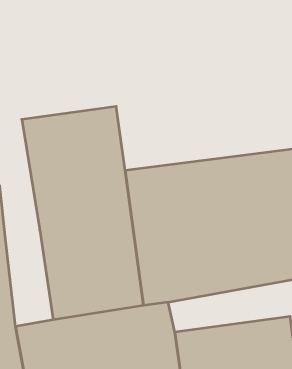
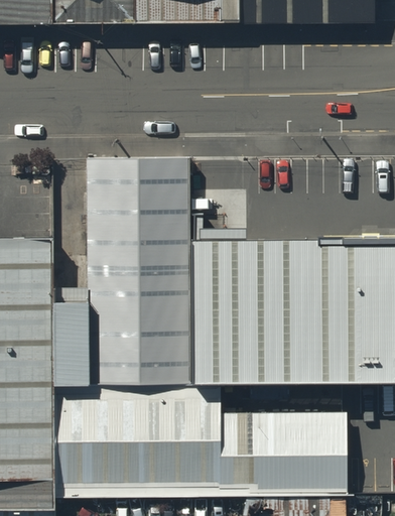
building: none -> [47,290,89,391]

